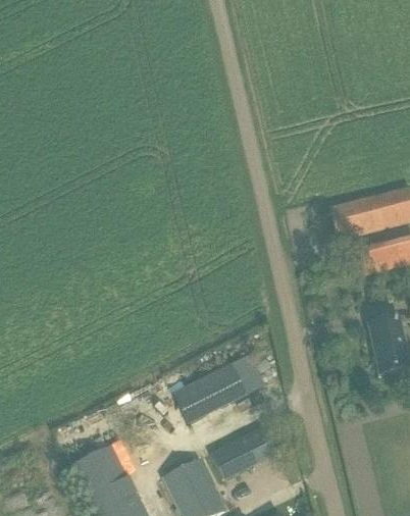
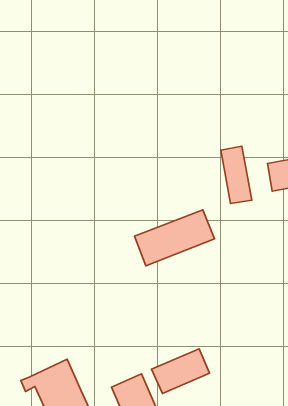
building: none -> [221,146,252,204]
building: [173,355,266,423] -> [134,210,215,266]

